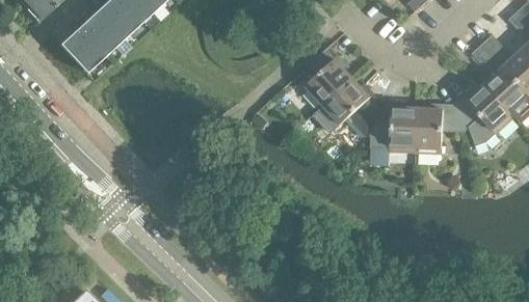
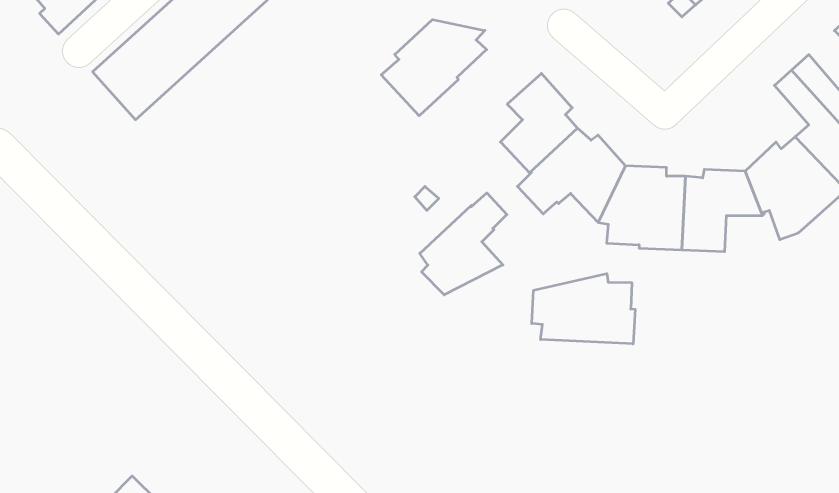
building: none -> [381,20,487,116]
building: none -> [420,193,507,295]
building: none -> [532,274,635,344]

